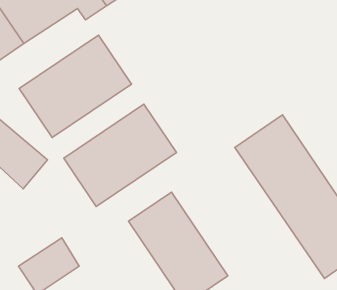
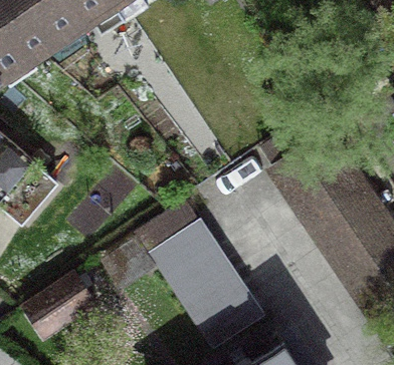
building: [19,35,132,138] -> none
building: [64,104,176,206] -> none

